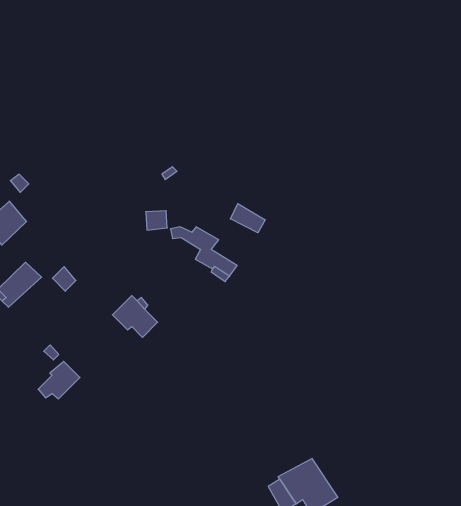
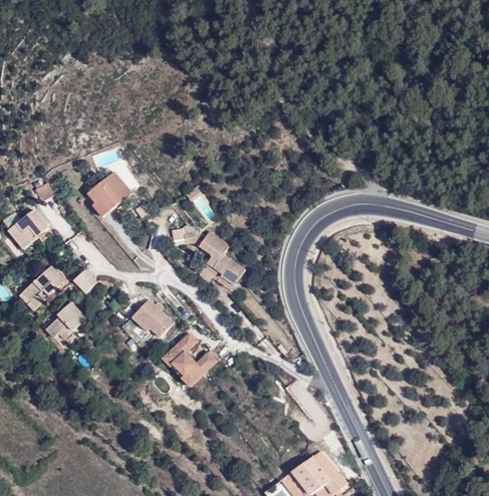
building: none -> [88,174,131,218]
building: [230,204,265,233] -> none
building: none -> [162,333,214,387]
building: [38,361,80,399] -> [46,303,85,338]

